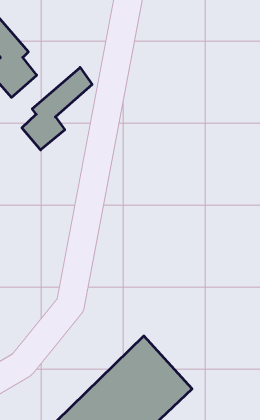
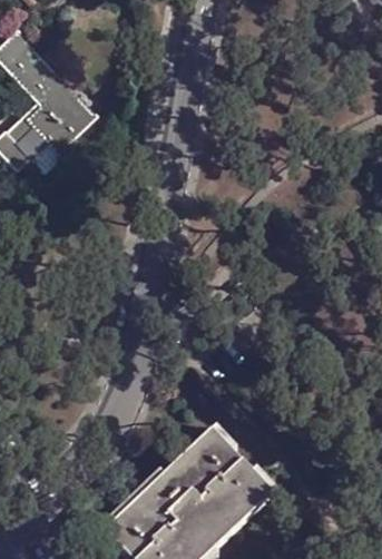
building: [22,67,92,150] -> none

